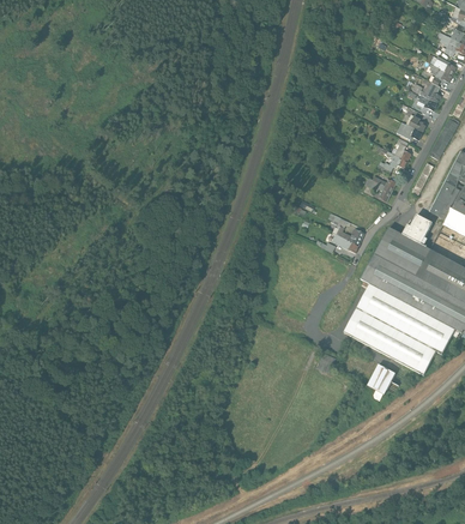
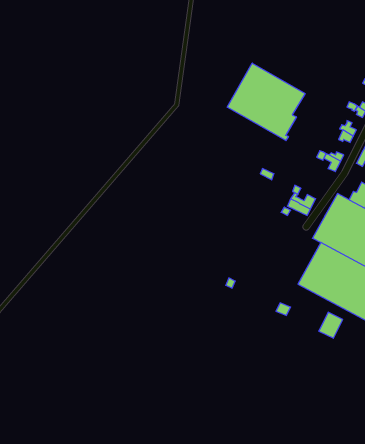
building: none -> [227,63,305,141]

